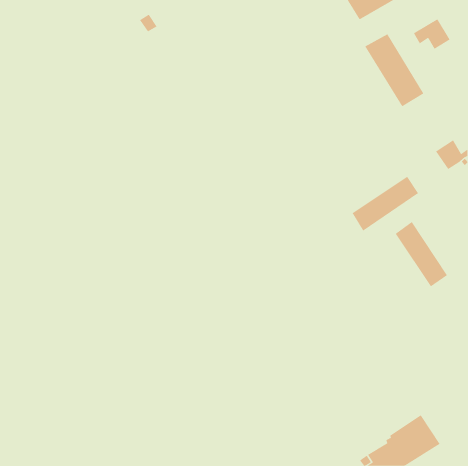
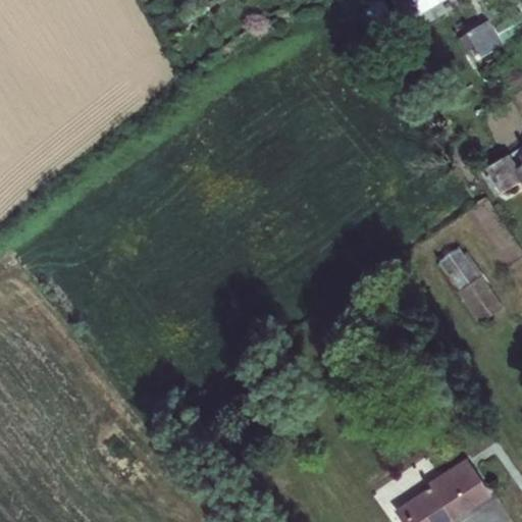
building: [364,33,424,107] -> none
building: [352,176,419,232] -> none

